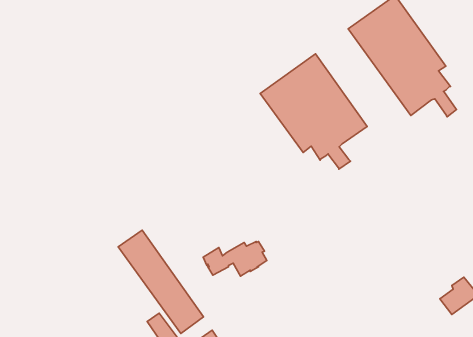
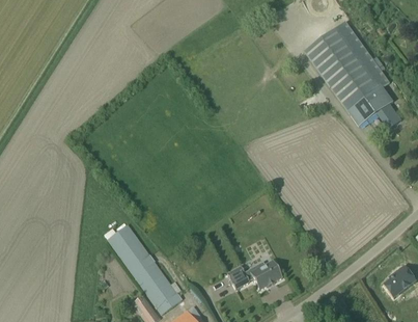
building: [260,54,367,169] -> none
building: [203,241,267,276] -> [227,260,282,290]

